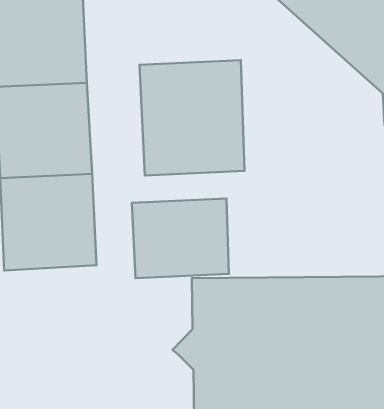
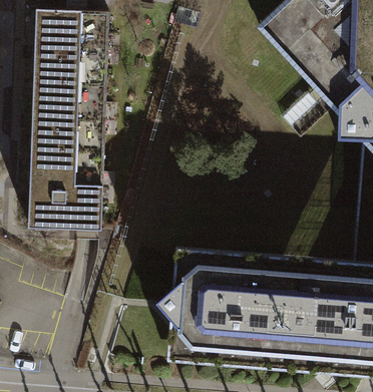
building: [140,60,245,175] -> none
building: [132,198,229,278] -> none

